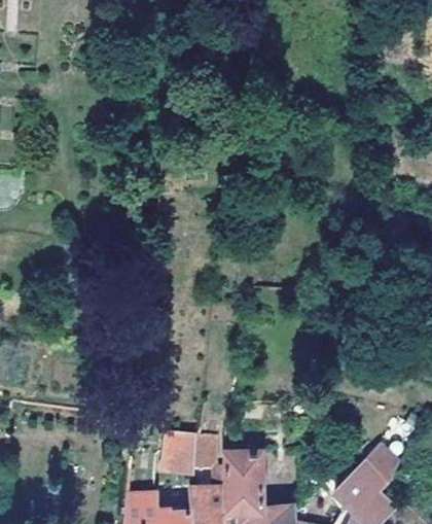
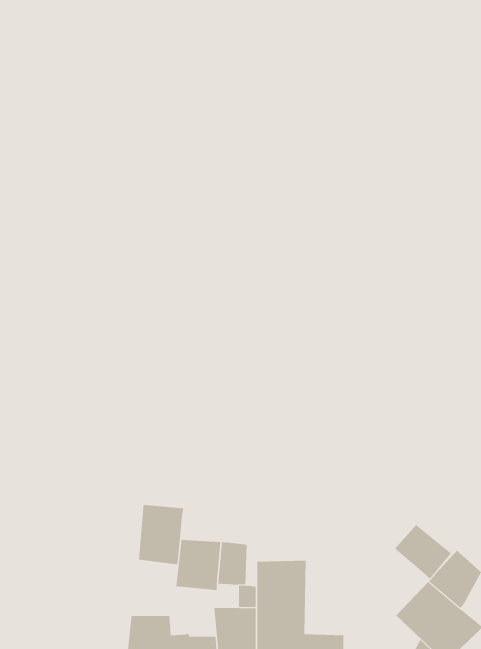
building: none -> [139,504,184,565]
building: none -> [394,524,452,580]

